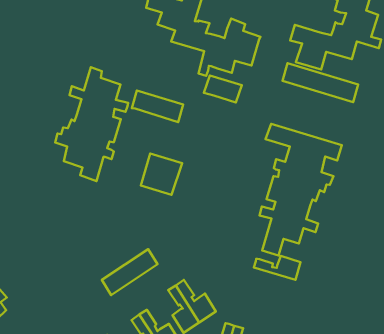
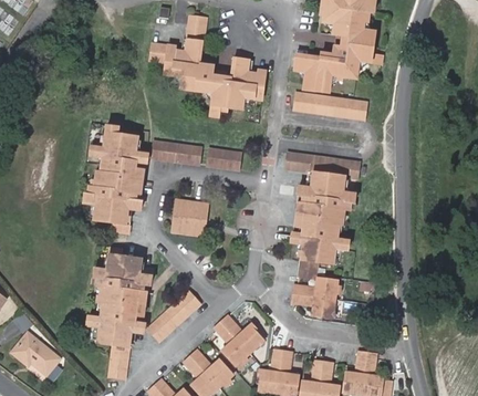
building: [204,75,242,103] -> [207,148,242,170]
building: none -> [87,248,153,378]
building: none -> [291,293,335,317]

